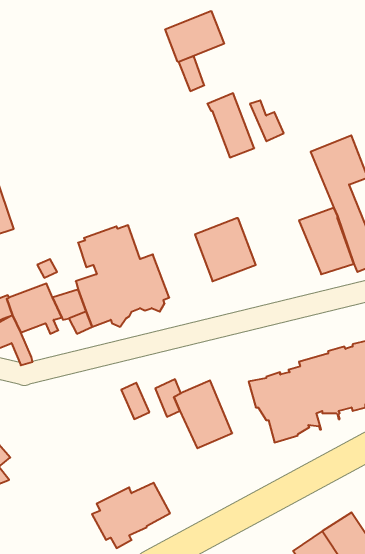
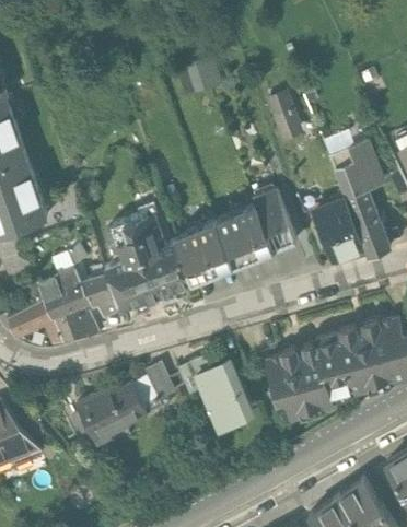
building: [165,11,224,62] -> none
building: [207,93,254,157] -> [252,190,295,250]
building: none -> [175,222,232,281]
building: none -> [53,305,97,337]
building: [92,483,170,548] -> [74,383,148,444]

